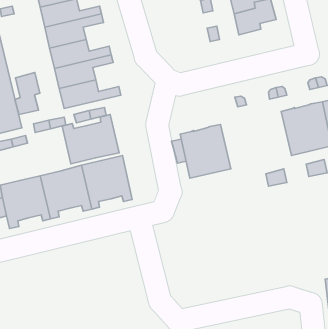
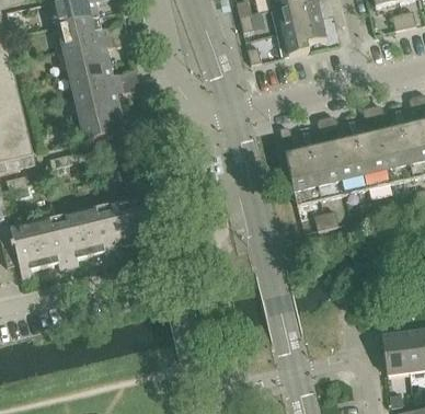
building: [15,72,40,115] -> none
building: [62,115,119,164] -> none
building: [180,125,231,178] -> [285,142,343,204]

